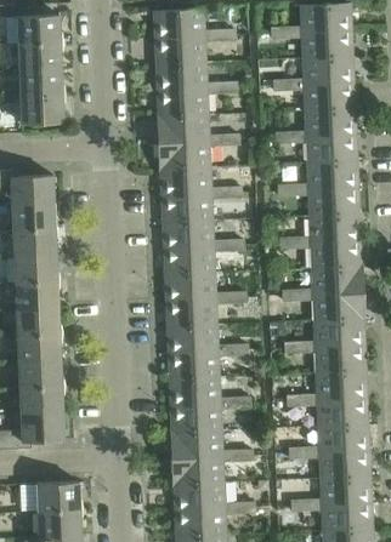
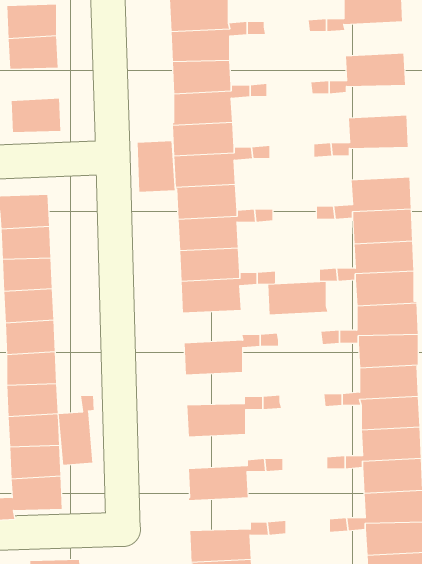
building: [301,29,352,58] -> none
building: [19,68,62,96] -> none
building: [304,82,355,110] -> none
building: none -> [137,141,175,193]
building: [306,135,357,162] -> none
building: [165,272,216,299] -> [268,282,328,315]
building: [168,324,217,352] -> none
building: none -> [58,395,94,466]
building: [170,376,220,405] -> none
building: [170,429,222,457] -> none

